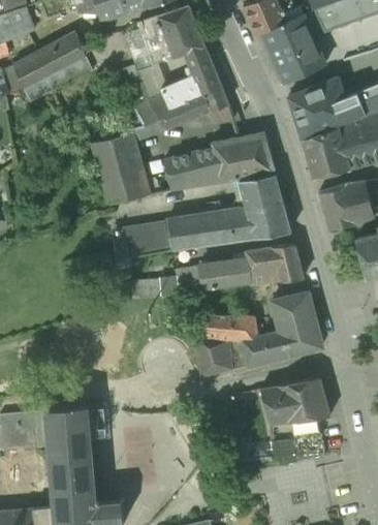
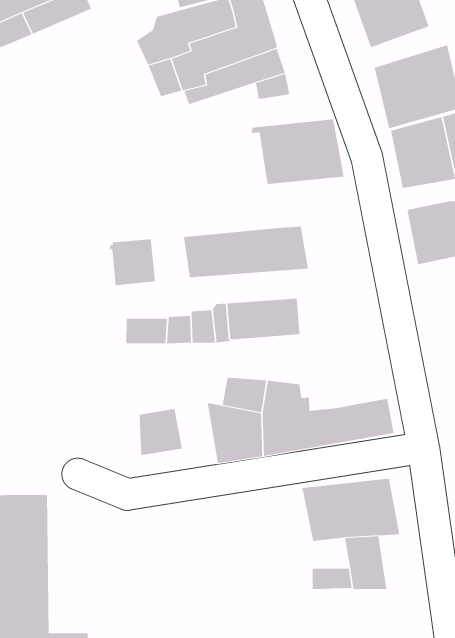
building: [91,131,150,203] -> none
building: [163,147,221,190] -> none
building: [232,174,290,238] -> none
building: [145,222,172,254] -> none
building: [247,244,303,285] -> none
building: [272,292,315,332] -> none
building: none -> [139,408,182,456]

